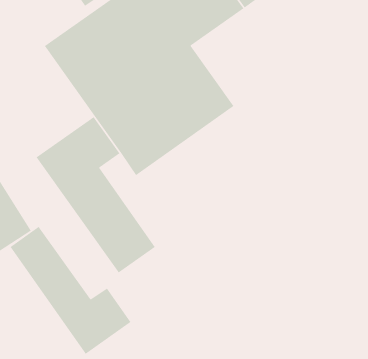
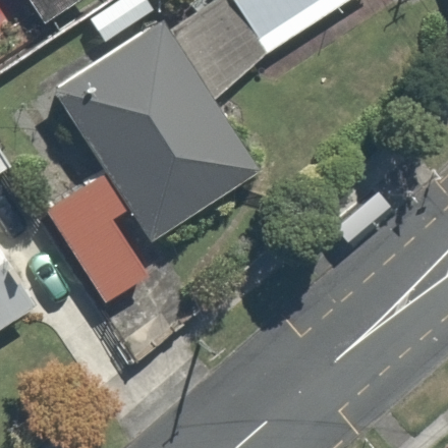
building: [9,226,131,355] -> none

